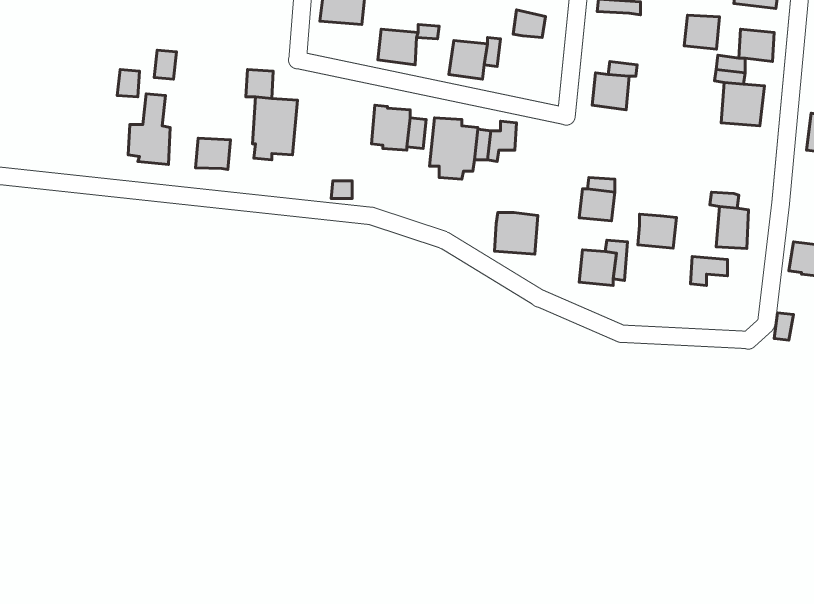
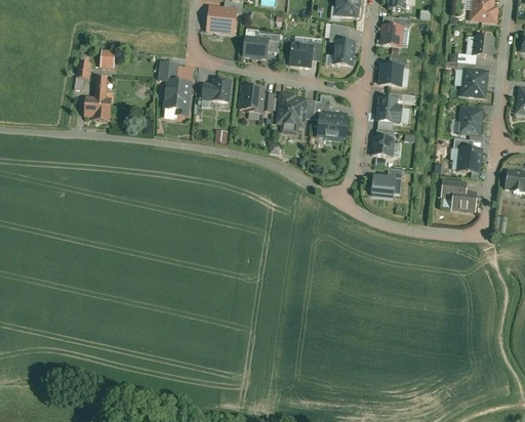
building: [684,15,720,49] -> [380,25,403,46]
building: none -> [333,40,355,65]
building: none -> [201,78,231,101]
building: none -> [375,98,398,122]
building: [196,138,231,169] -> none
building: none -> [459,107,482,134]
building: [494,212,538,254] -> [318,113,346,139]
building: [638,214,677,248] -> [451,192,476,213]

